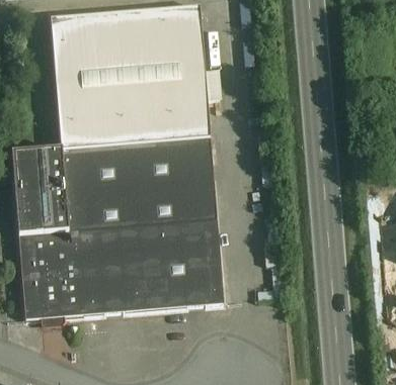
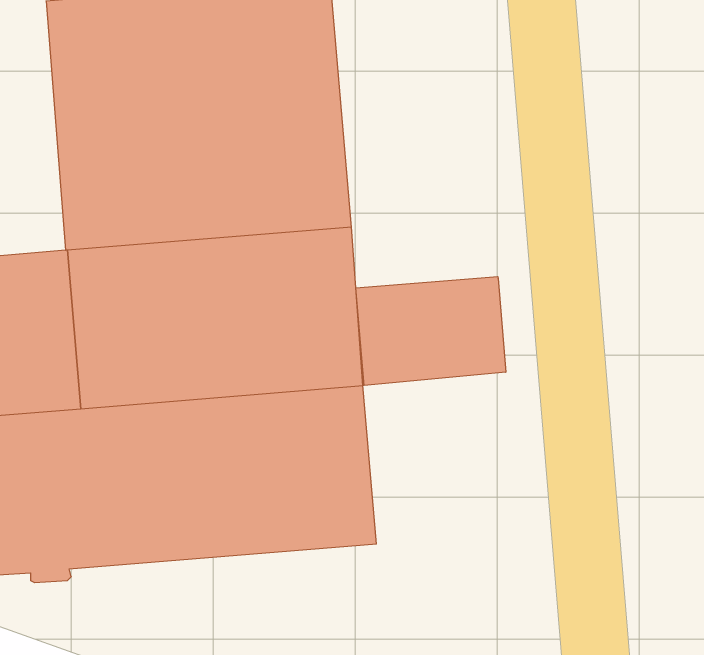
building: none -> [356,277,506,385]

